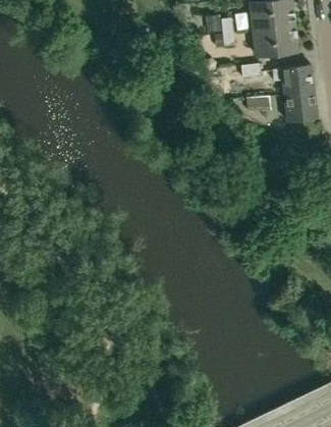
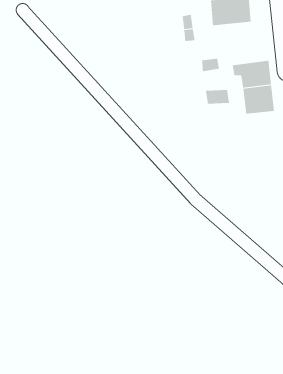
building: [252,25,295,56] -> none

